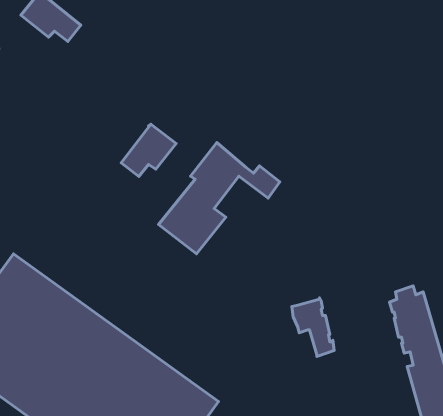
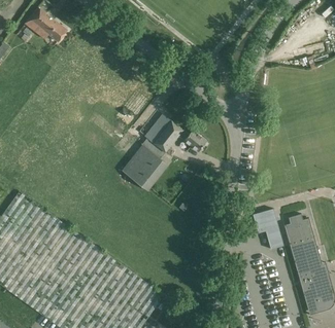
building: [121,124,176,176] -> none
building: [292,298,334,356] -> [253,208,282,249]

